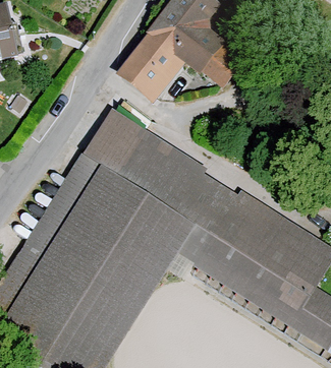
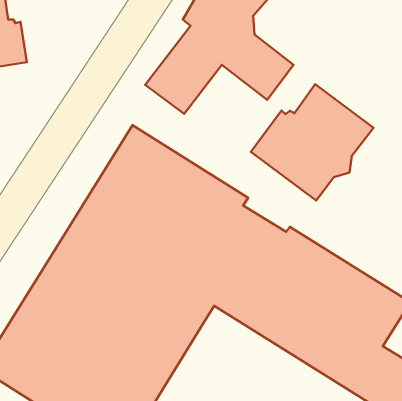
building: none -> [251,84,374,201]

